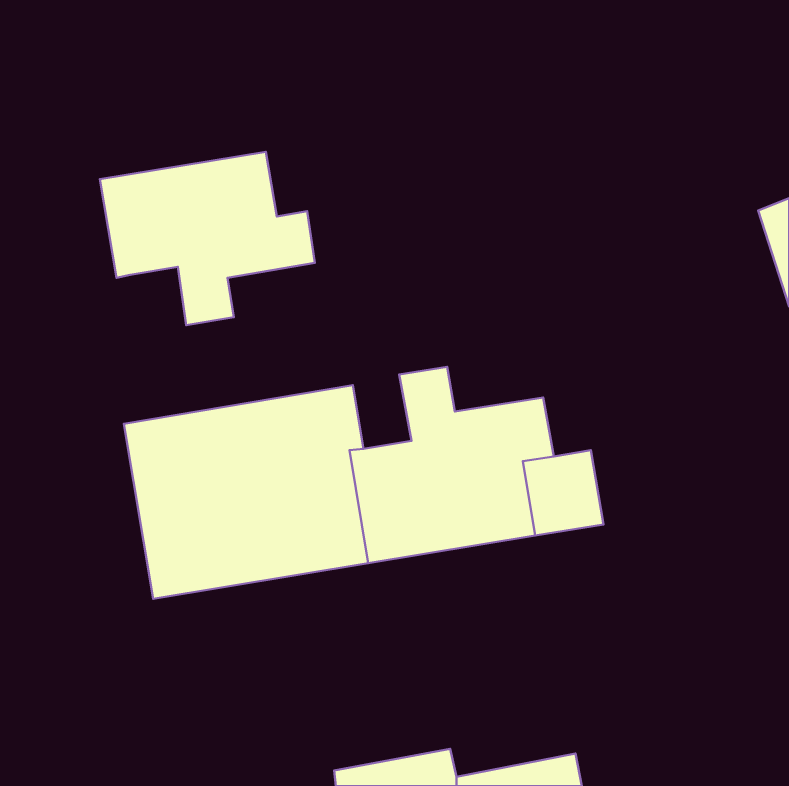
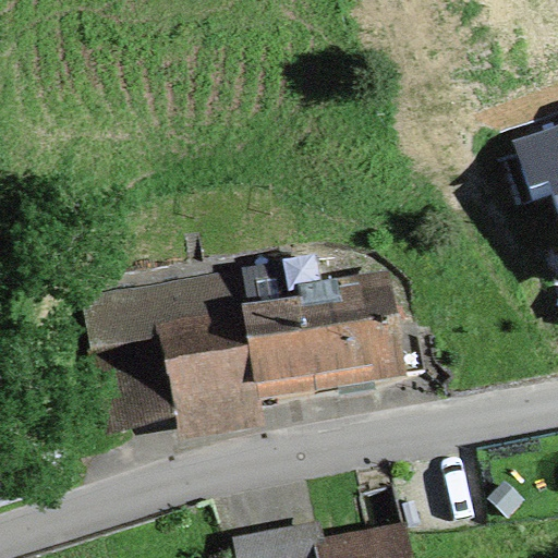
building: [100,152,315,325] -> none

